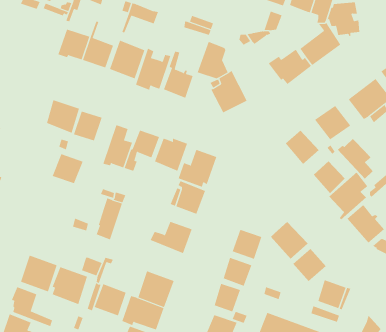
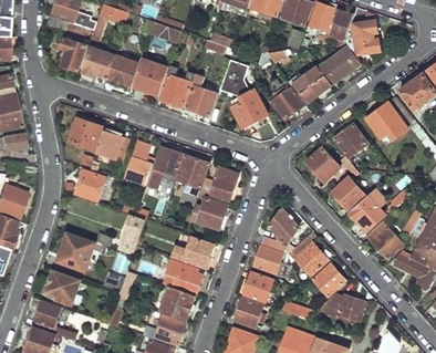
building: none -> [60,38,85,71]
building: none -> [271,87,303,118]
building: [337,138,373,179] -> none
building: none -> [260,208,298,255]
building: [52,267,88,305] -> [58,233,93,271]
building: [94,283,126,316] -> [172,263,204,295]

